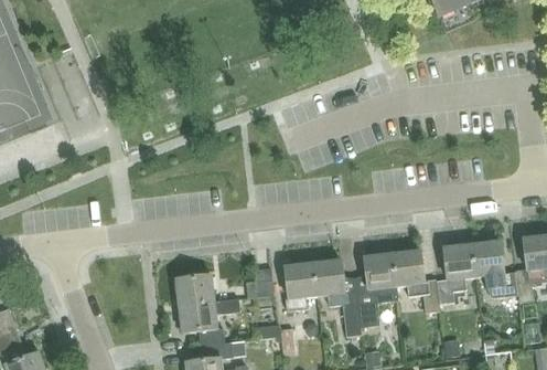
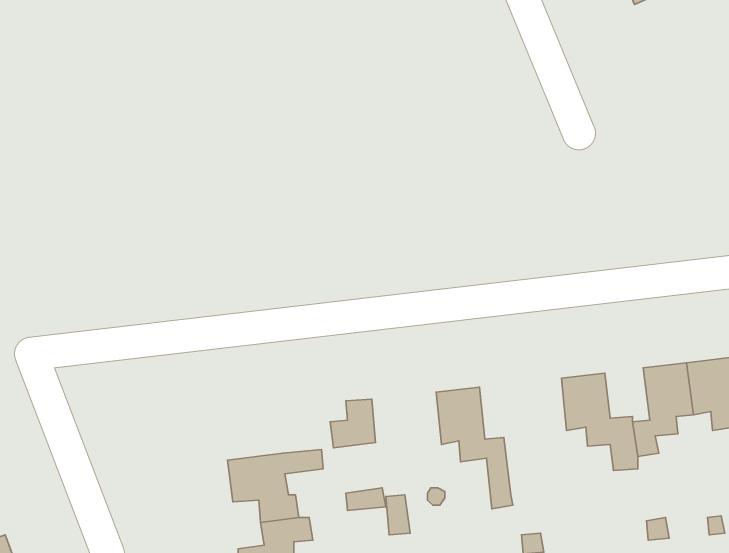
building: [355,253,397,327] -> none
building: [285,262,315,310] -> none
building: [176,274,215,305] -> none

